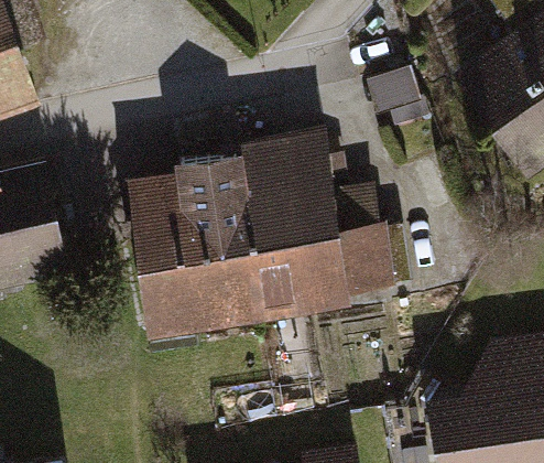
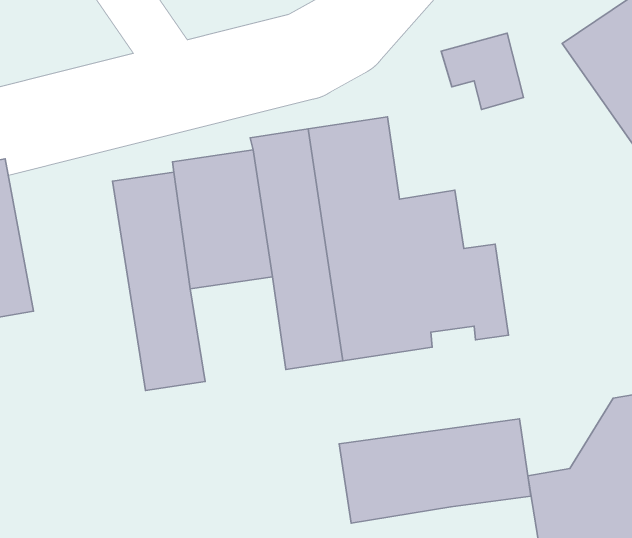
building: [177,251,248,329] -> none
building: none -> [339,419,531,523]

